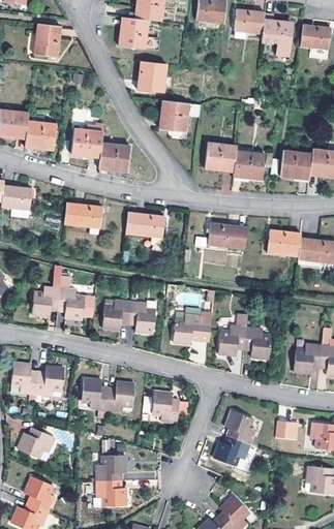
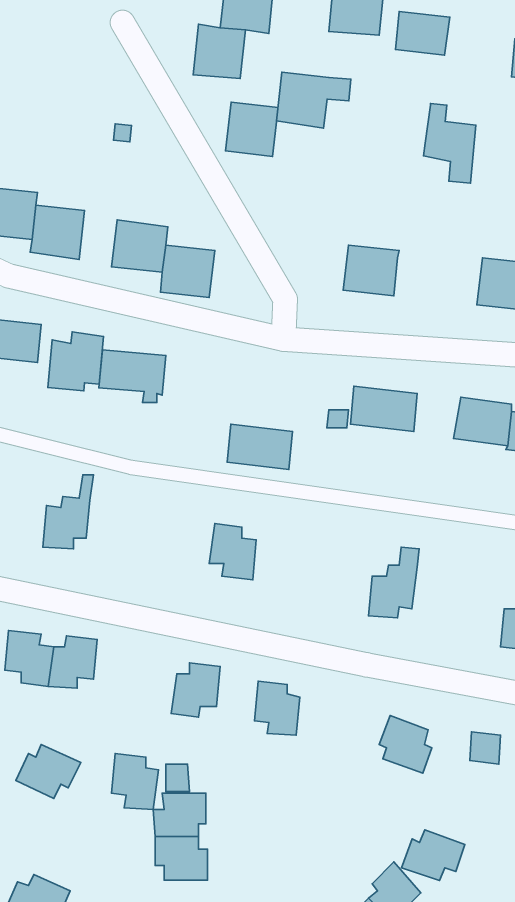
building: [261,11,291,57] -> [423,103,476,183]
building: [33,24,61,57] -> none
building: [158,100,201,132] -> [277,72,351,128]
building: [233,150,264,180] -> none
building: none -> [48,332,104,391]
building: [126,212,163,238] -> [227,424,292,469]
building: [57,288,94,320] -> none
building: [102,300,130,331] -> none
building: [172,311,212,344] -> none
building: [243,326,271,359] -> none
building: [82,378,109,410] -> [112,753,159,809]
building: [213,436,249,465] -> [401,830,465,881]
building: [24,476,54,511] -> none

